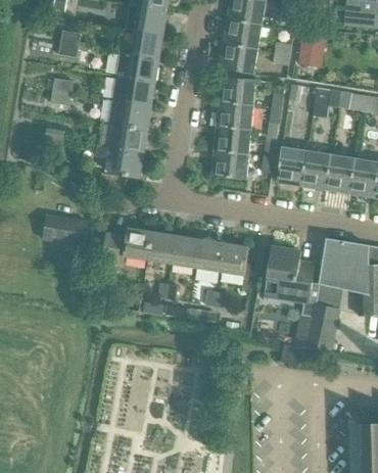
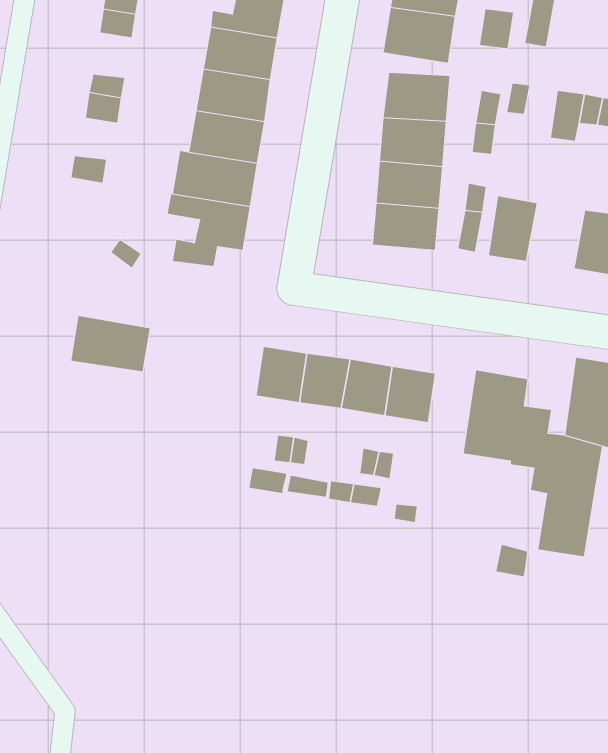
building: [299,151,332,188] -> none
building: [102,229,151,264] -> none

